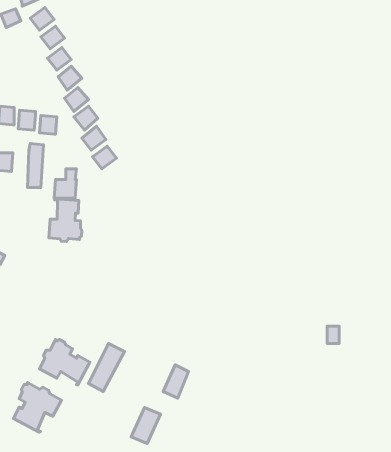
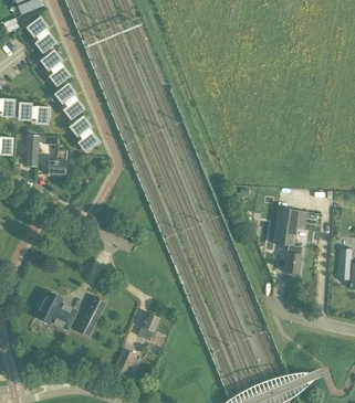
building: [49,199,82,242] -> none
building: none -> [273,209,307,275]
building: [14,383,61,432] -> none

